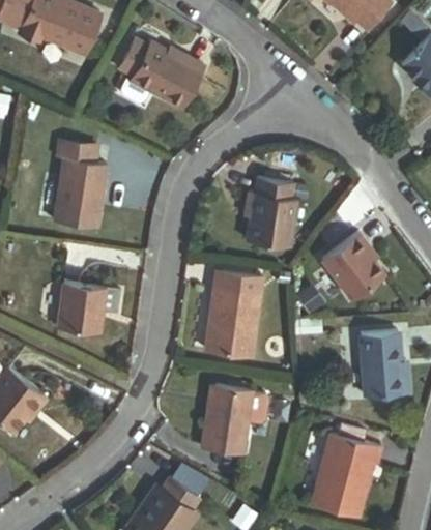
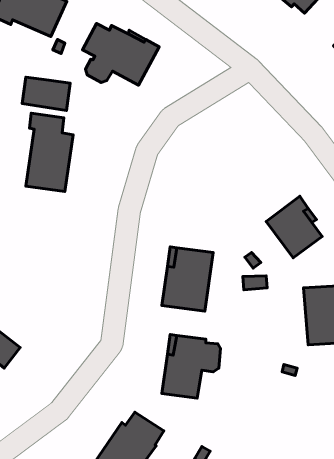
building: none -> [22,77,70,111]
building: [245,179,297,246] -> none
building: [57,283,107,332] -> none
building: [313,431,386,516] -> none

